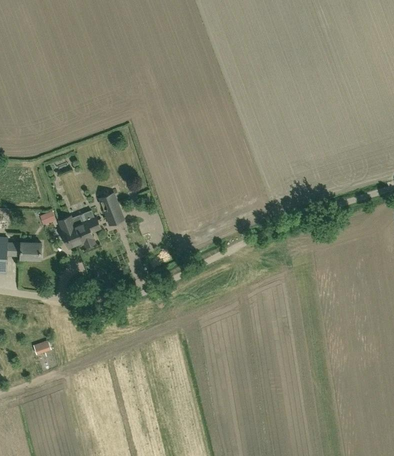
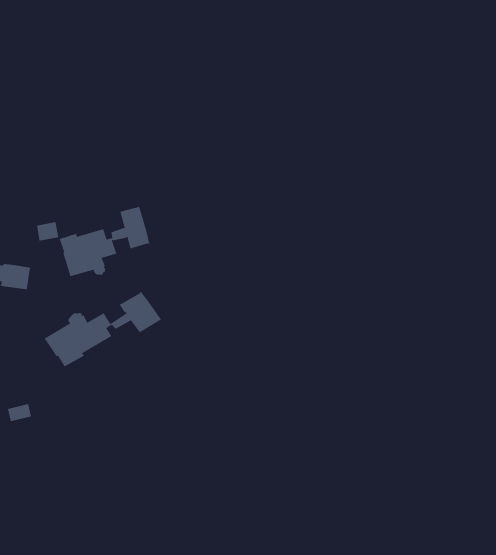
building: none -> [44,291,162,367]

